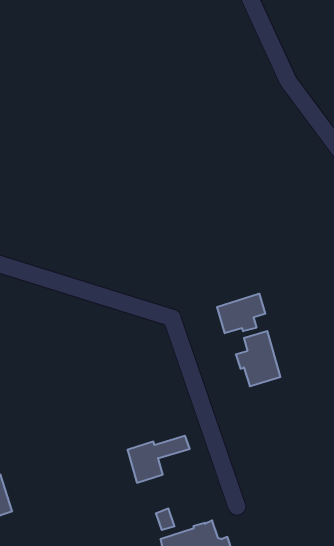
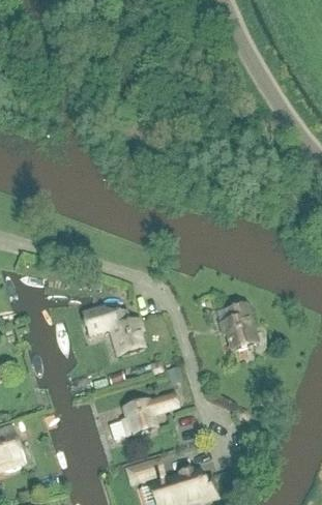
building: [217,294,265,333] -> none
building: none -> [81,302,145,354]

